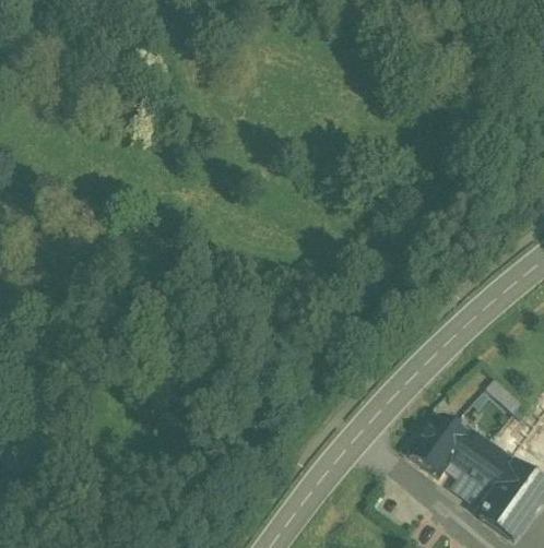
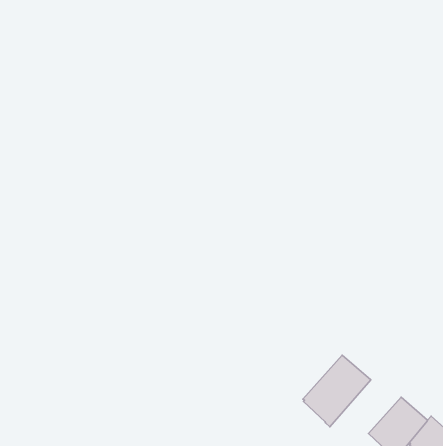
building: none -> [303,355,371,427]

